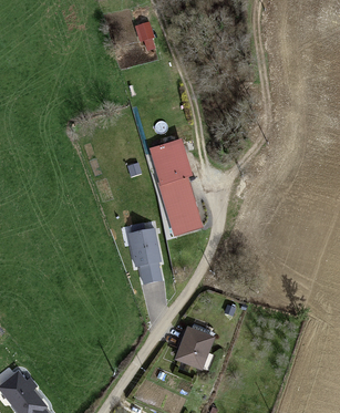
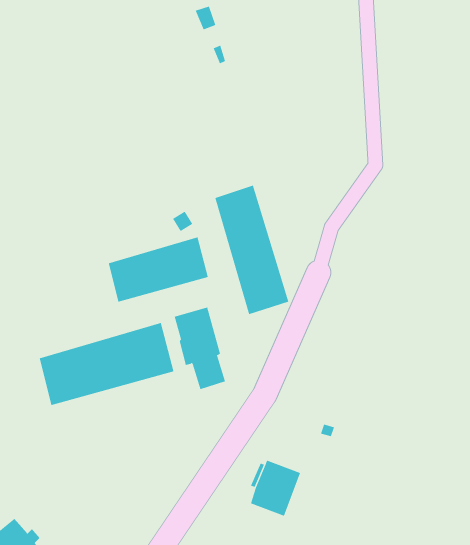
building: none -> [108,237,209,302]
building: none -> [39,322,174,406]

